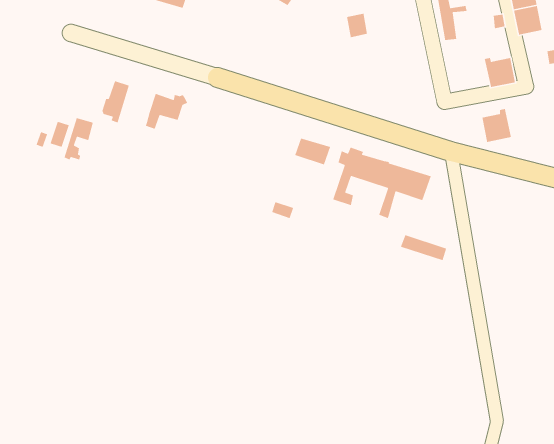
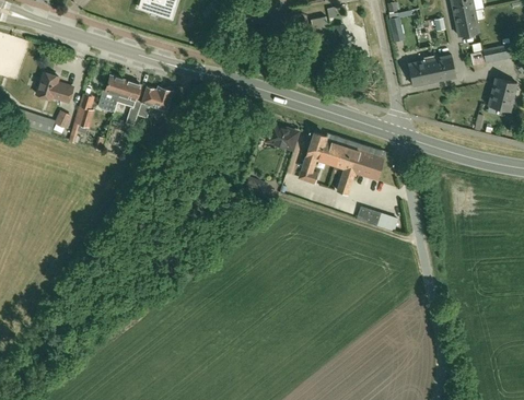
building: none -> [38,72,74,102]
building: none -> [118,79,142,125]
building: [481,108,512,143] -> [408,56,434,85]

